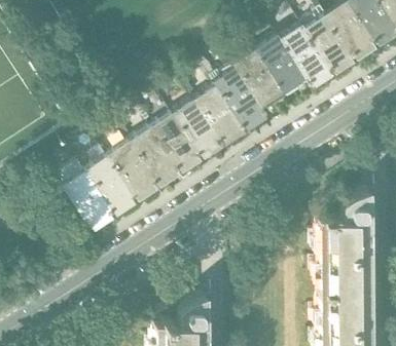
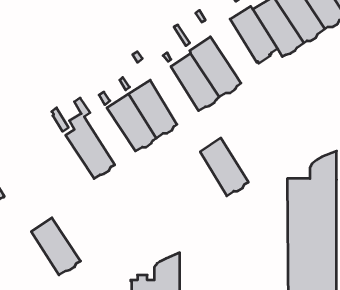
building: [241,46,291,105] -> none
building: [180,95,230,156] -> [200,138,248,196]
building: [114,139,165,198] -> none
building: [70,167,121,227] -> [31,218,81,275]

